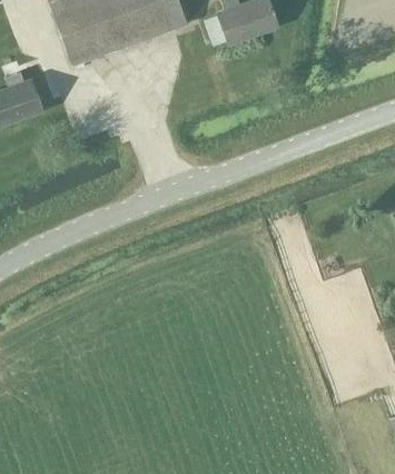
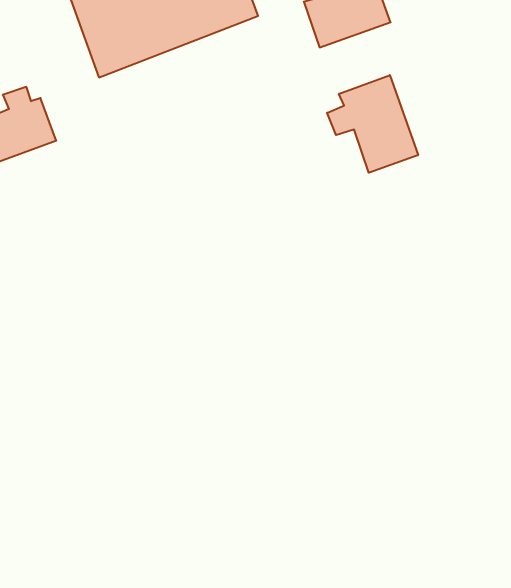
building: none -> [327,75,418,173]

